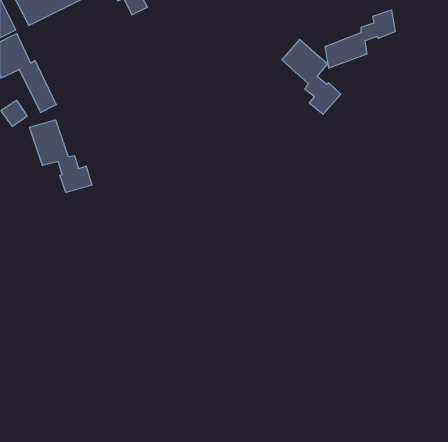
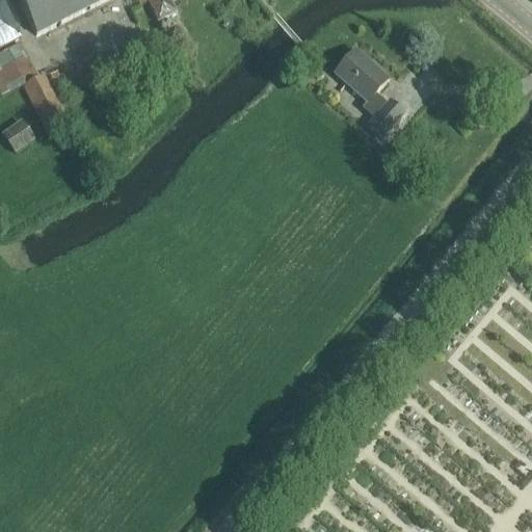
building: [325,10,395,68] -> none
building: [29,120,92,192] -> none

